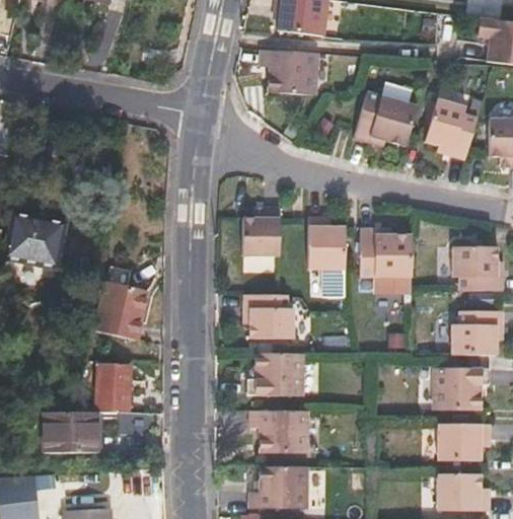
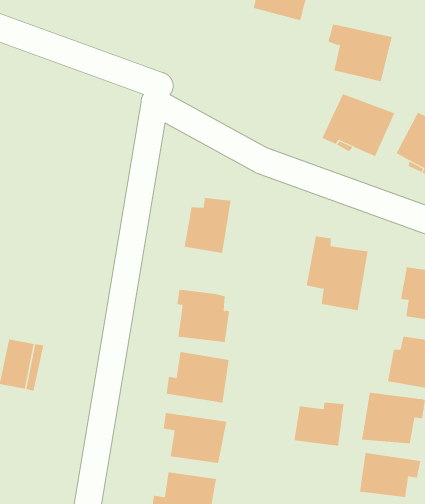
building: [259,49,317,95] -> [328,24,393,82]
building: [310,219,348,299] -> none
building: [94,283,141,340] -> none
building: none -> [294,402,344,446]

